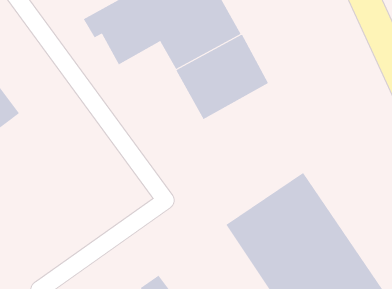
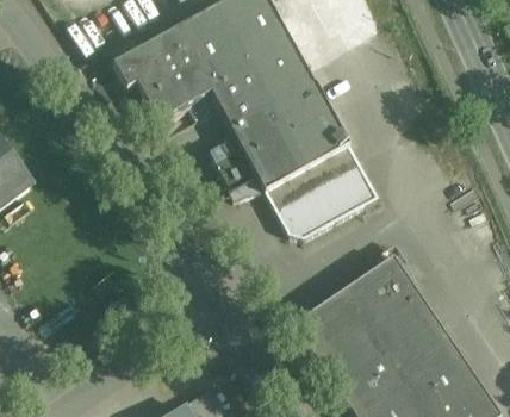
building: none -> [265,144,378,237]

